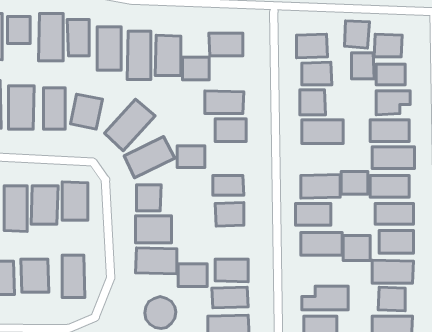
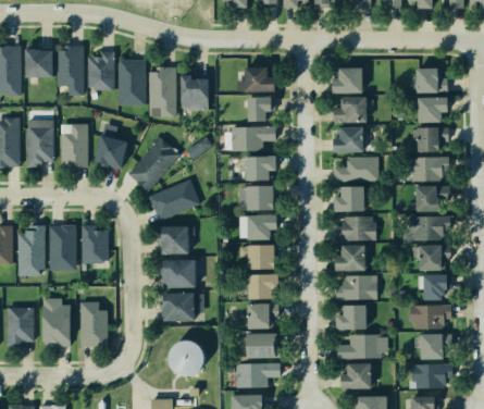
building: [345,21,369,48] -> none
building: [351,53,374,79] -> none
building: [182,57,209,80] -> [245,97,273,121]
building: [177,146,205,167] -> [245,186,274,209]
building: [341,171,368,194] -> [337,187,365,211]
building: [343,236,370,260] -> [336,305,364,331]
building: [178,264,207,286] -> [246,273,276,297]

